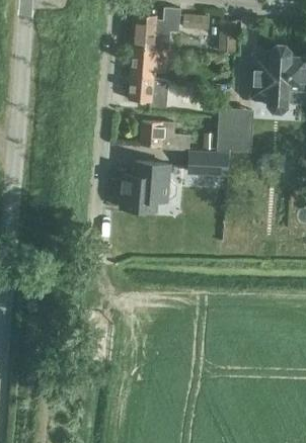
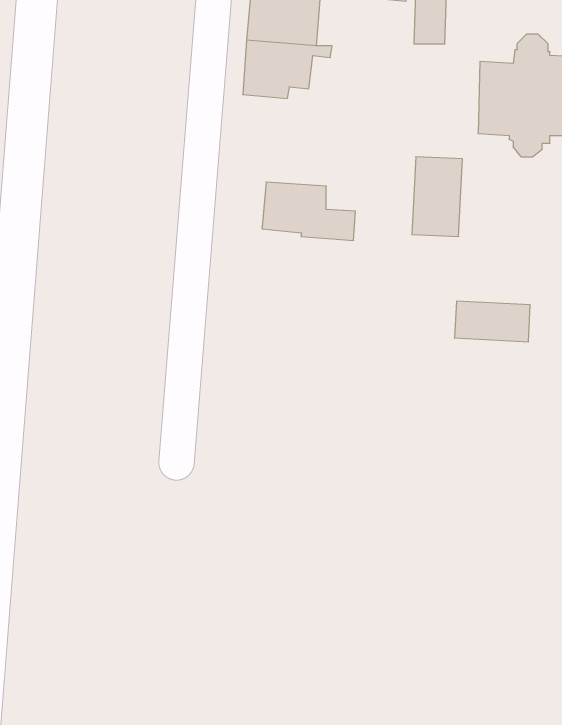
building: [128,77,167,108] -> none
building: [187,154,227,175] -> [454,301,530,342]
building: [121,163,175,212] -> none

